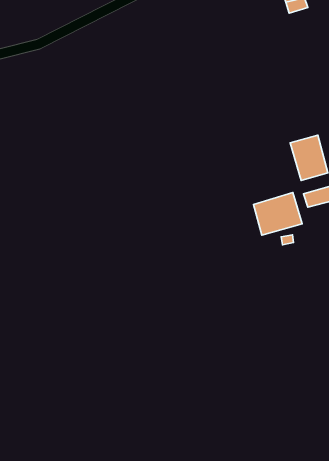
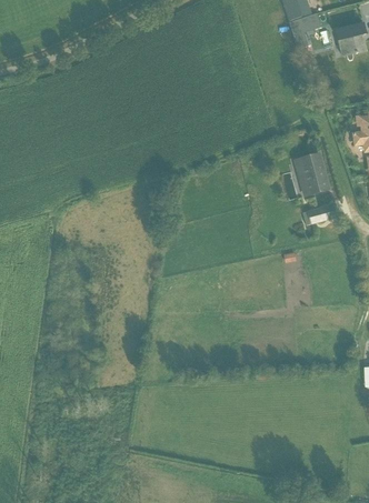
building: [253,192,302,235] -> none

